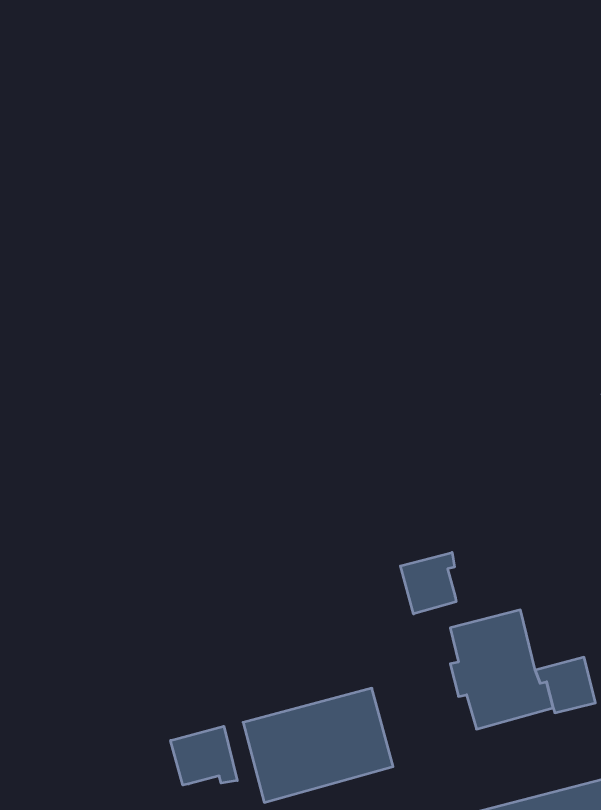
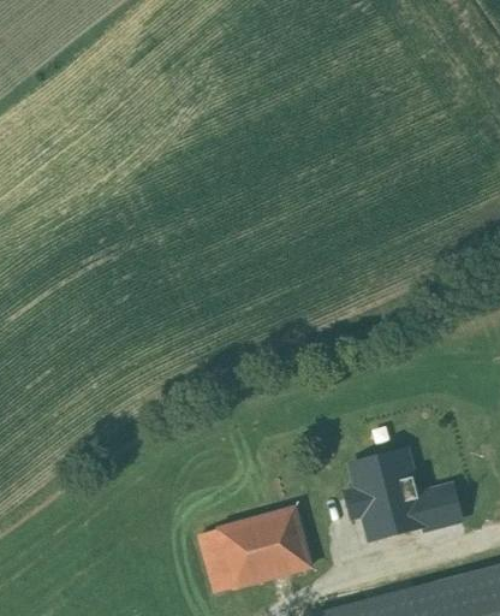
building: [400,552,456,614] -> none
building: [171,726,237,785] -> none

